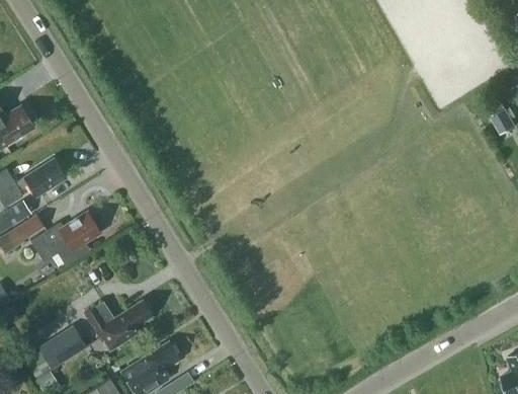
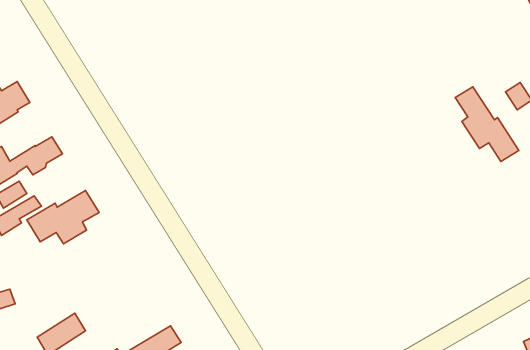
building: none -> [455,87,519,161]
building: [83,300,152,350] -> none

